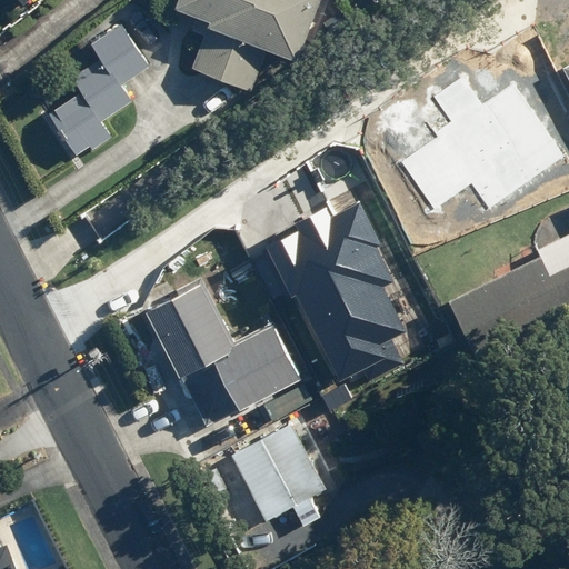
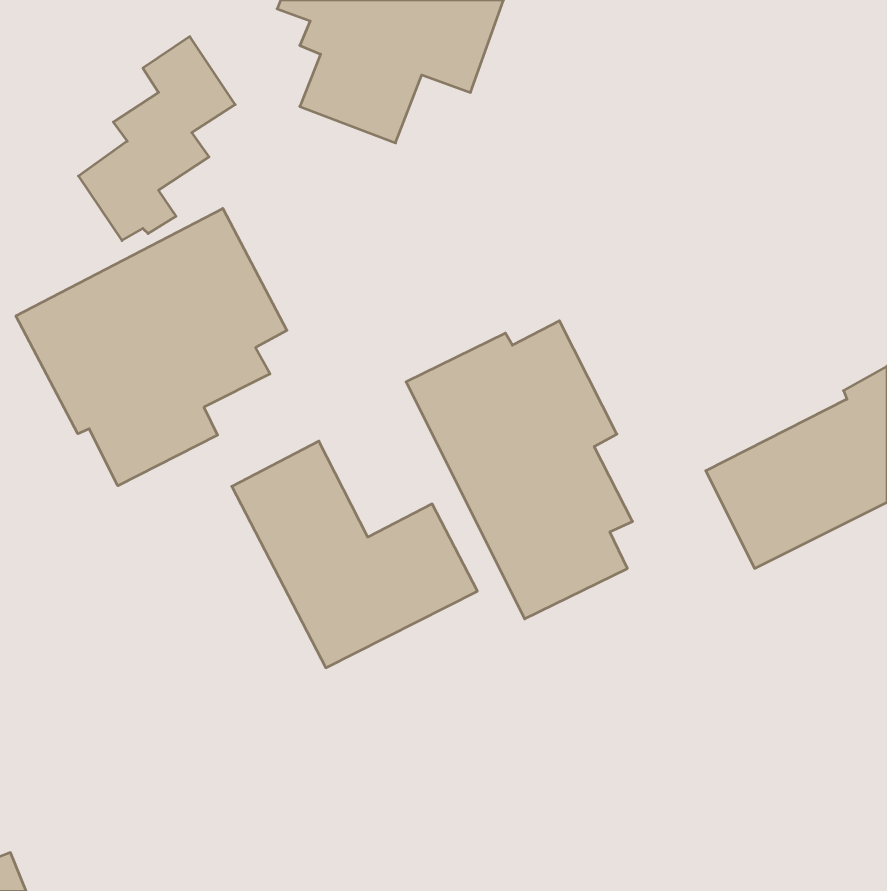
building: [396,78,560,214] -> none
building: none -> [16,208,287,486]
building: [231,422,328,520] -> none

